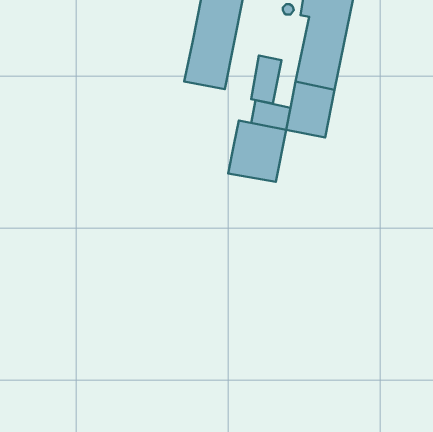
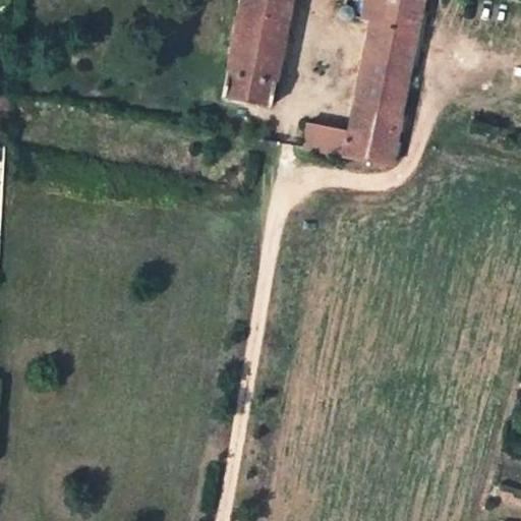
building: [251,56,281,104] -> none
building: [228,121,286,182] -> none

